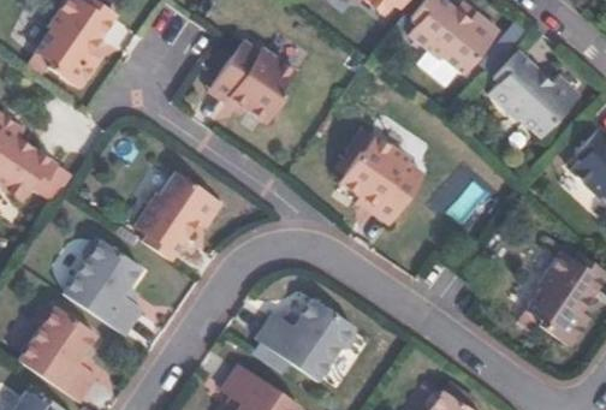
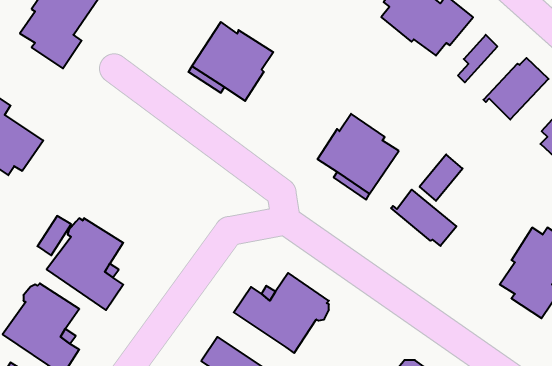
building: [494,64,548,119] -> none
building: [132,172,221,261] -> none
building: none -> [391,190,456,246]

